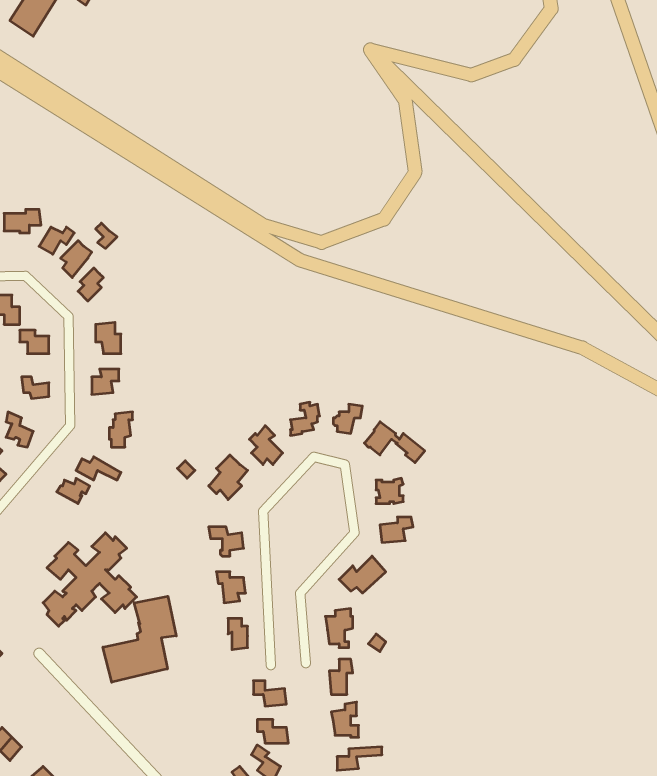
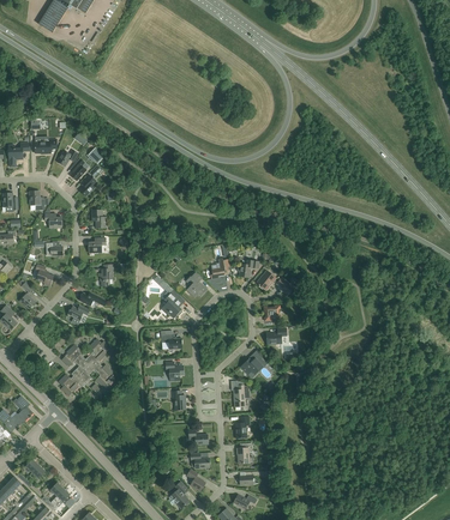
building: [103,596,176,682] -> none

